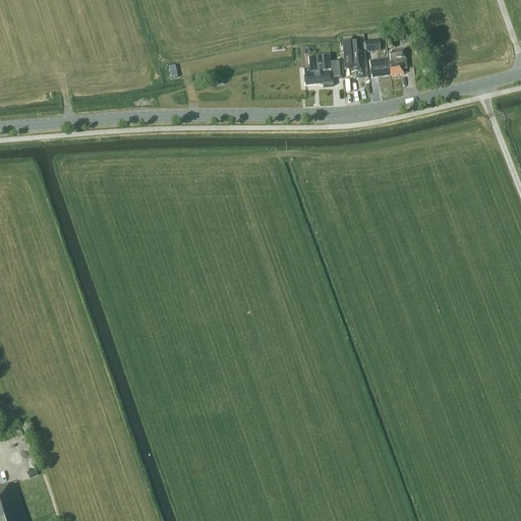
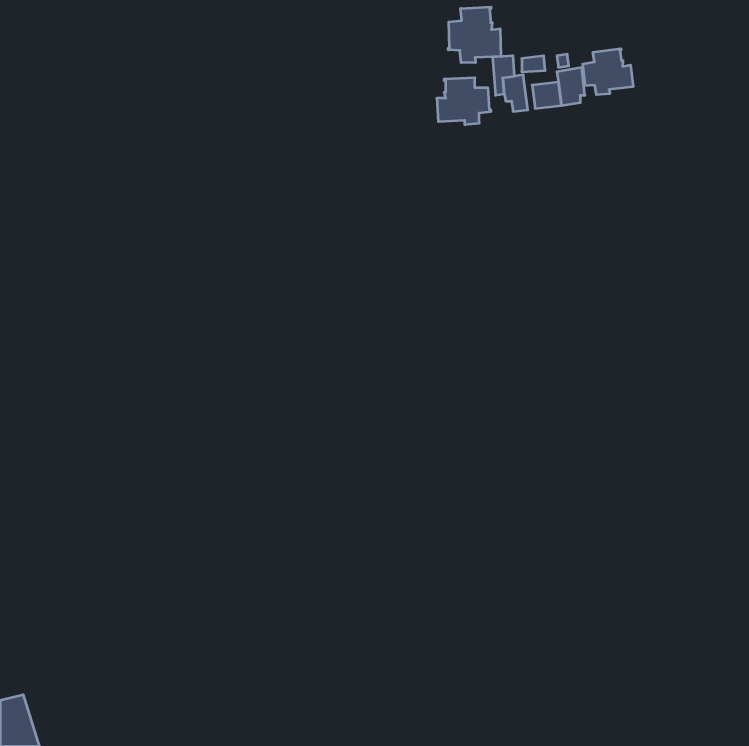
building: none -> [448,7,501,63]
building: none -> [583,49,633,95]

